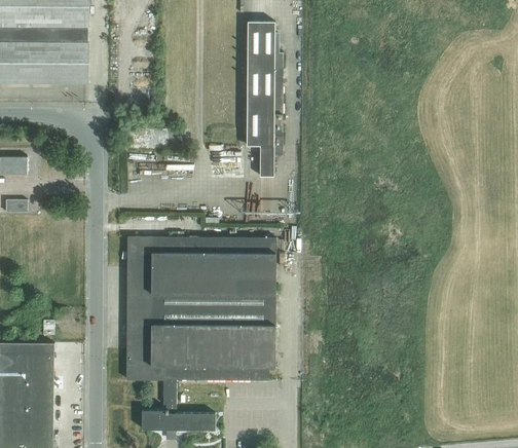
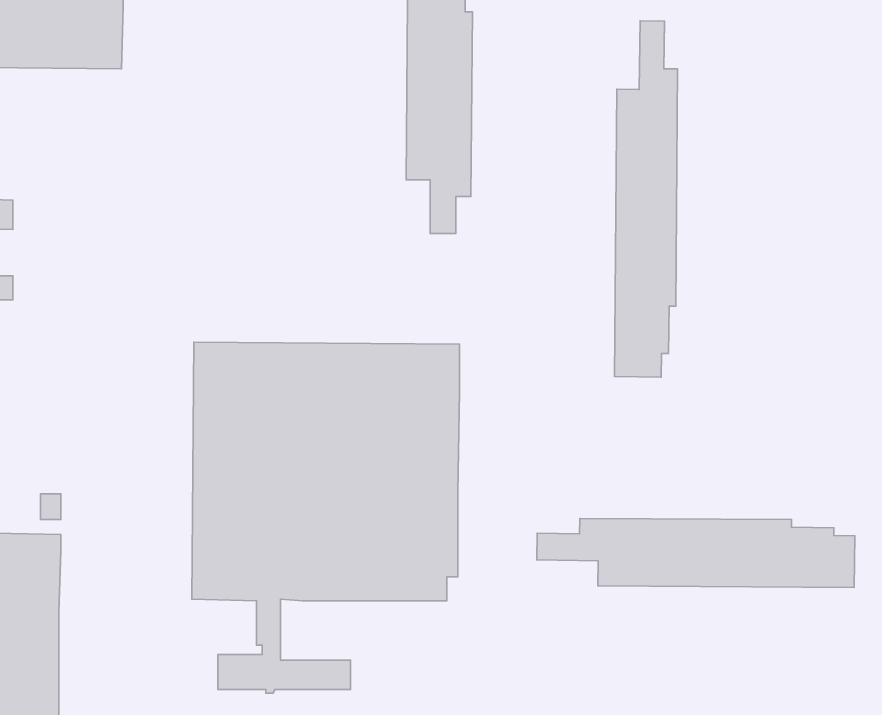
building: none -> [615,21,678,377]
building: none -> [537,518,855,588]

